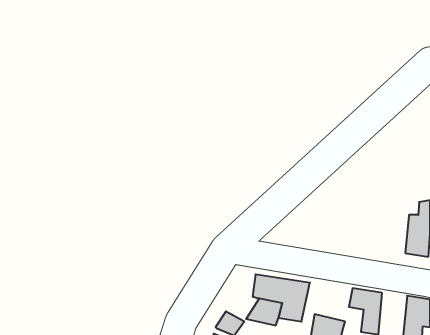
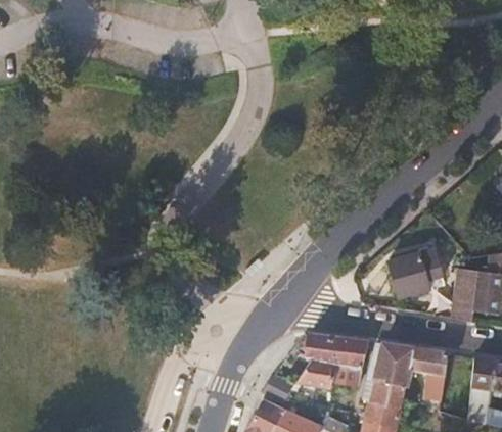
building: none -> [390,247,442,295]
building: none -> [452,267,477,319]
building: none -> [373,344,415,385]

